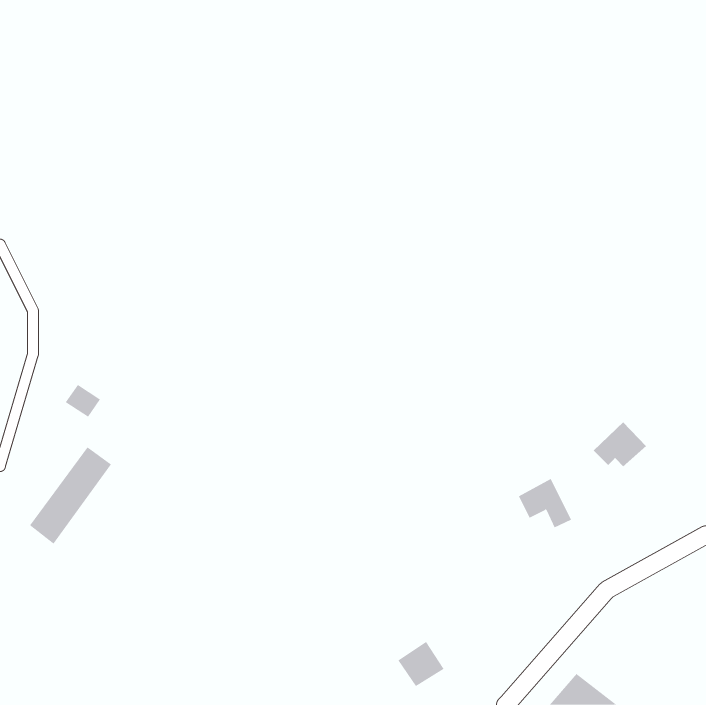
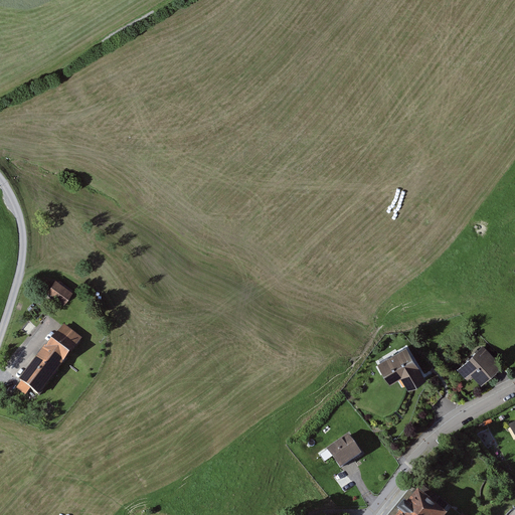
building: [593,421,647,467] -> [459,345,498,378]
building: [398,641,445,687] -> [327,435,361,468]

